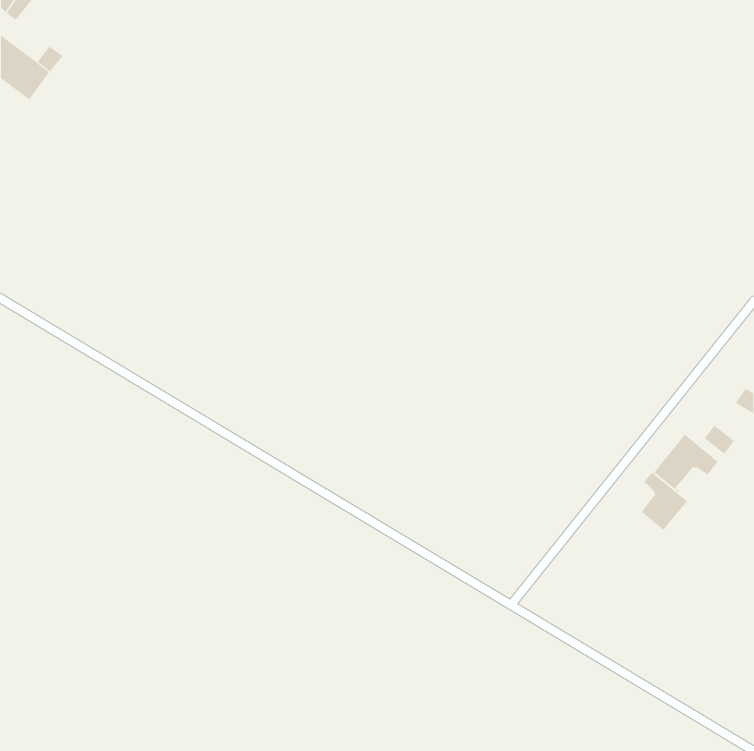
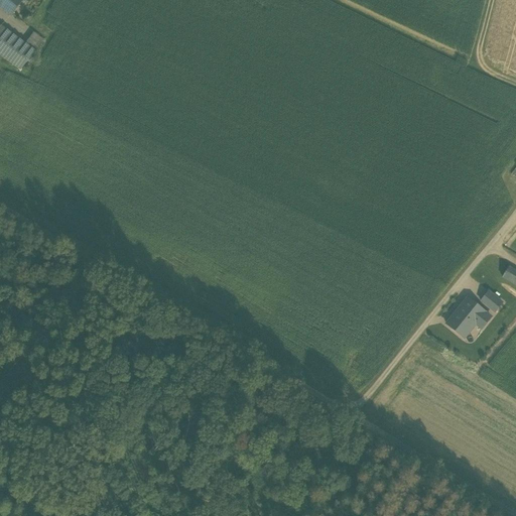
building: [637,472,688,530] -> none

